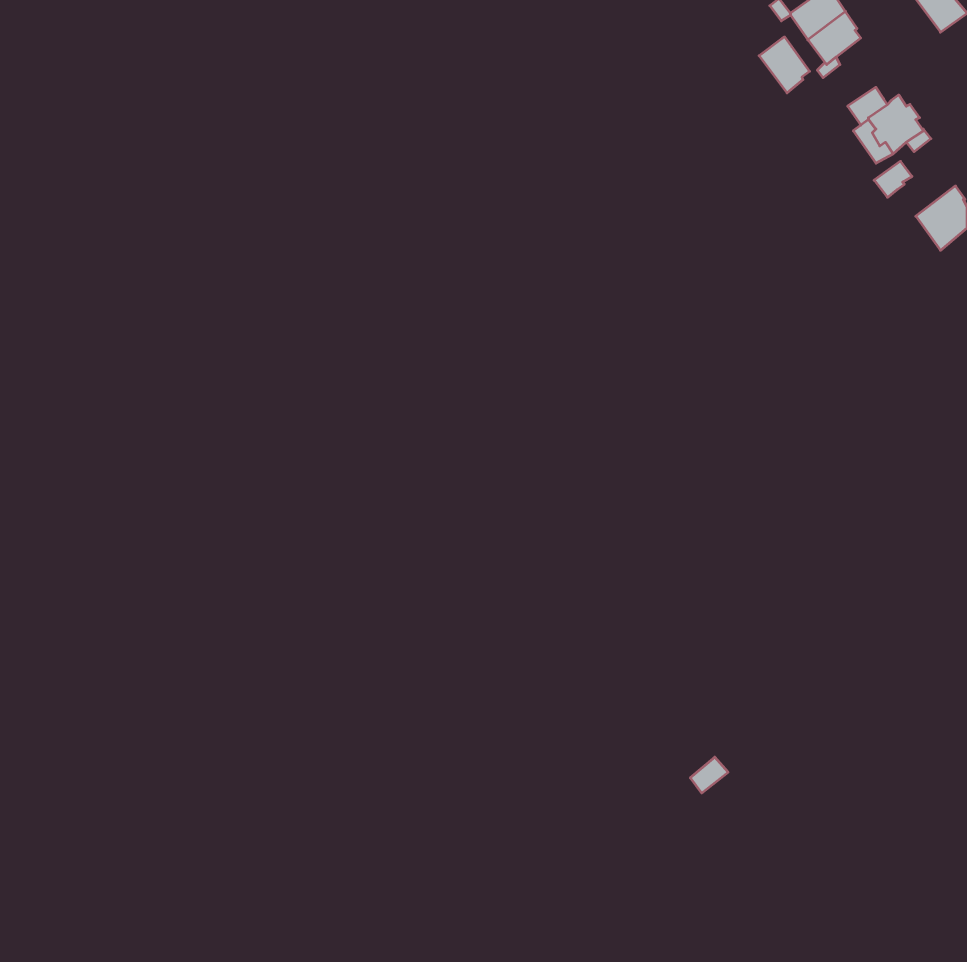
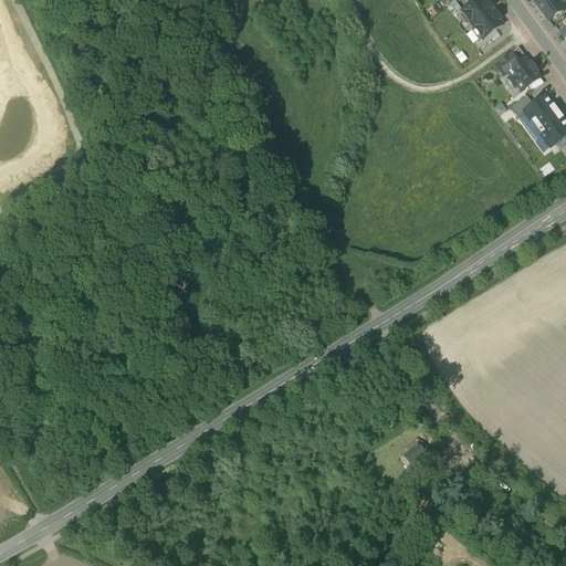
building: [759,37,810,93] -> none
building: none -> [526,93,557,126]

